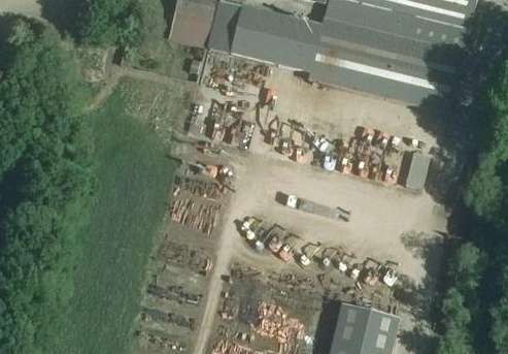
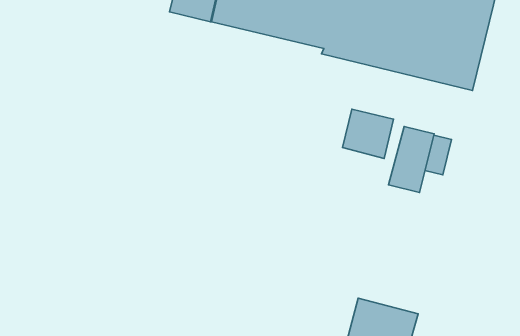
building: none -> [343,109,394,159]
building: none -> [389,126,434,192]

